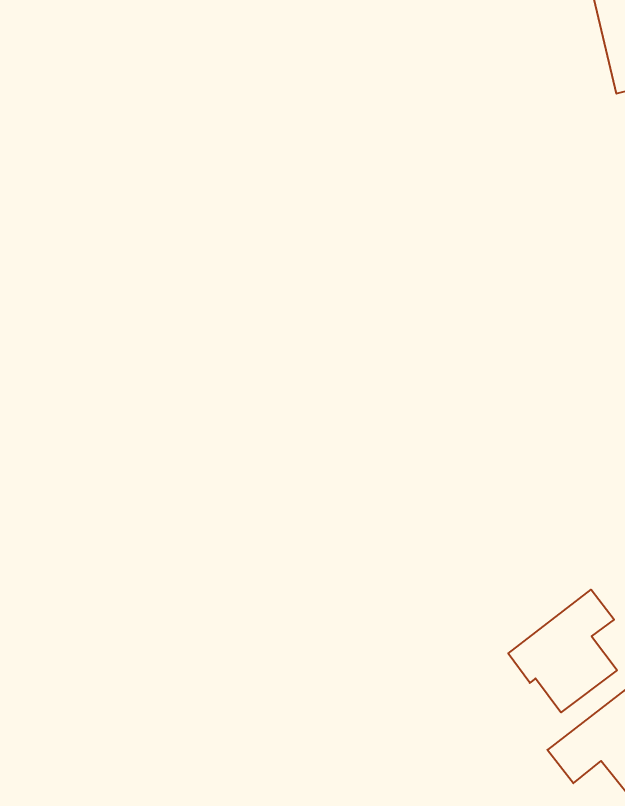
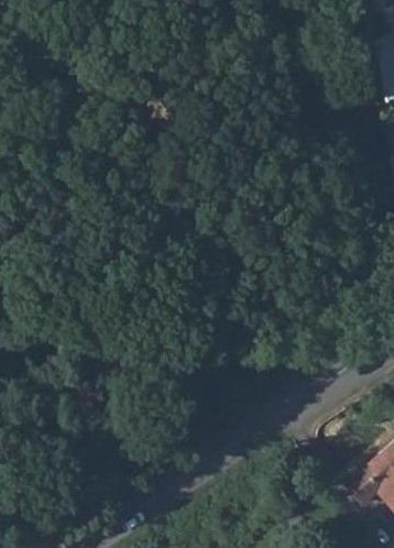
building: [508,590,617,712] -> none

